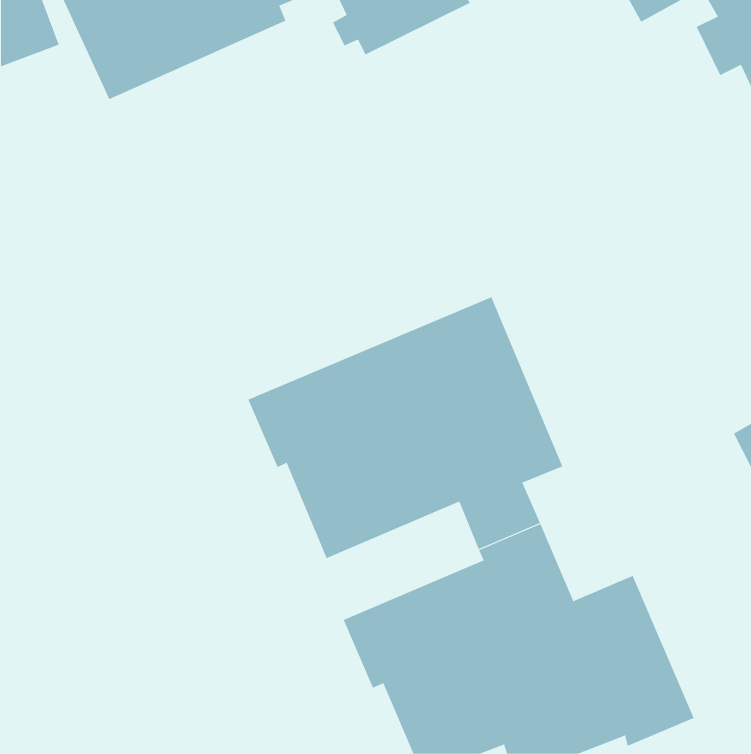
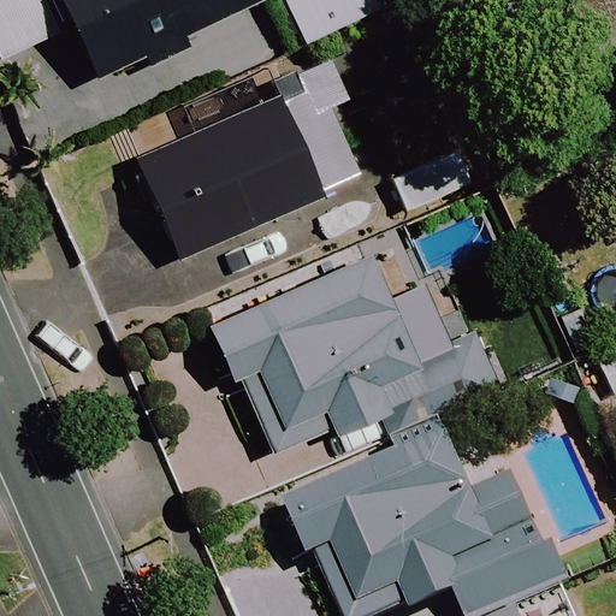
building: none -> [132,57,363,260]

